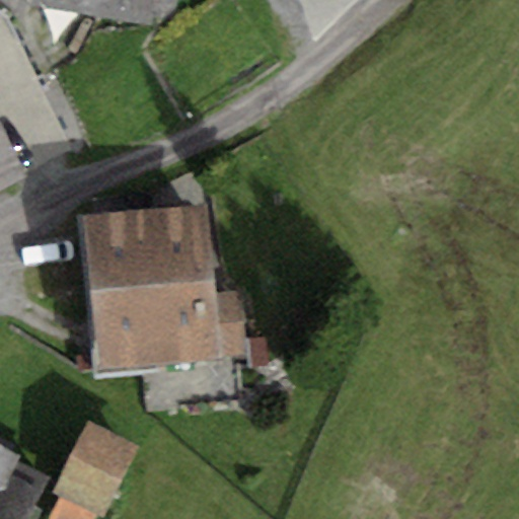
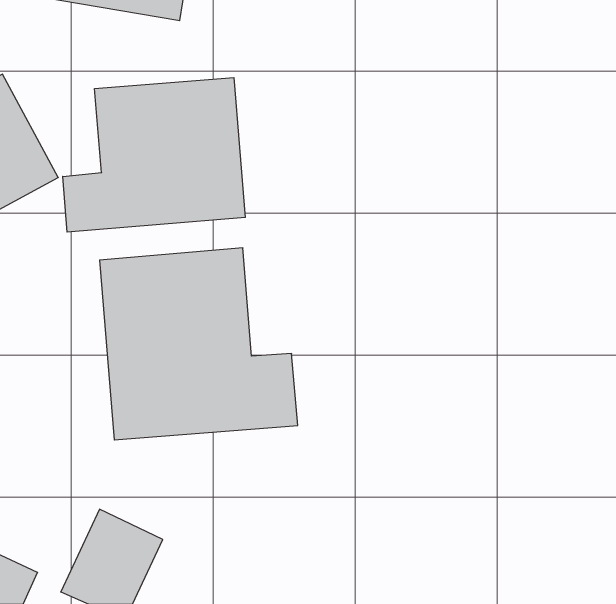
building: none -> [63,78,245,232]

